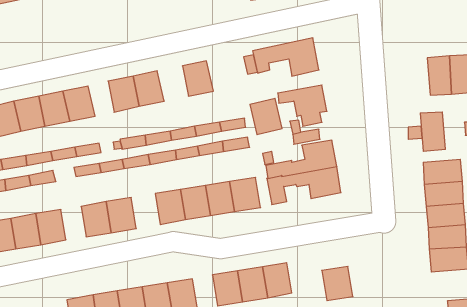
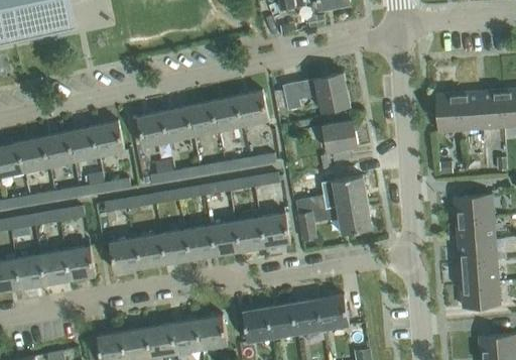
building: none -> [187,101,219,136]
building: [250,98,282,135] -> [237,90,269,126]
building: [420,112,445,151] -> [436,93,462,132]
building: none -> [161,229,190,264]
building: [322,266,353,301] -> [317,294,349,329]

